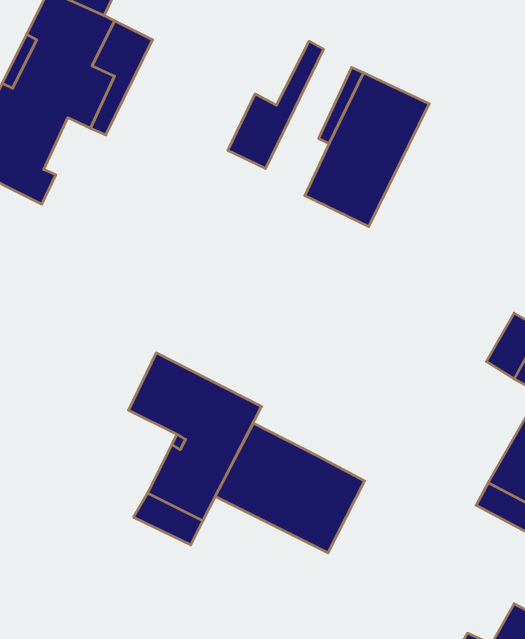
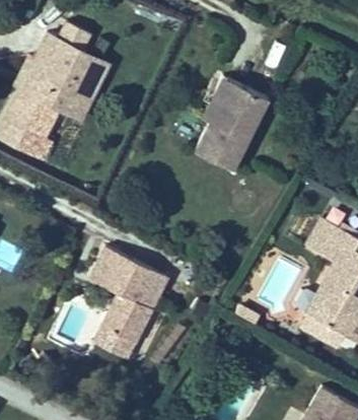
building: [228,41,324,169] -> none
building: [215,423,365,553] -> none

